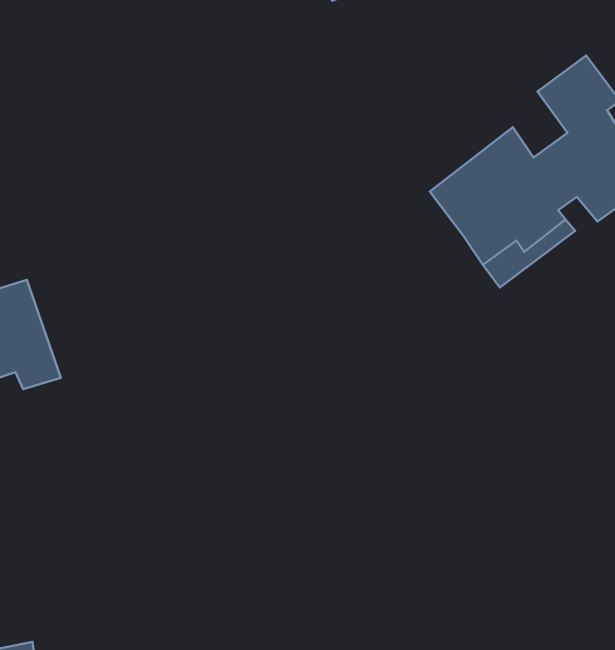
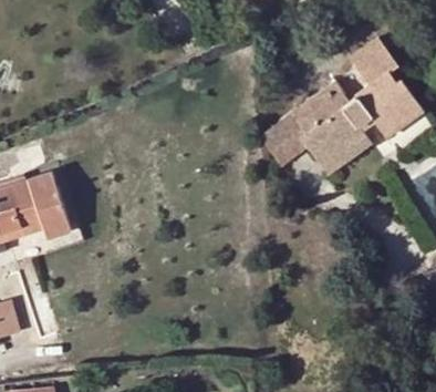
building: none -> [264,120,307,165]

